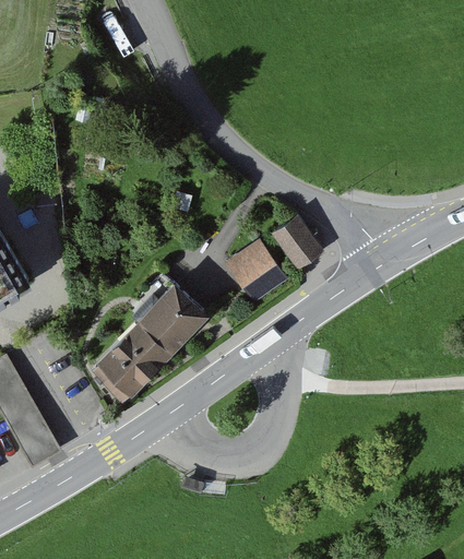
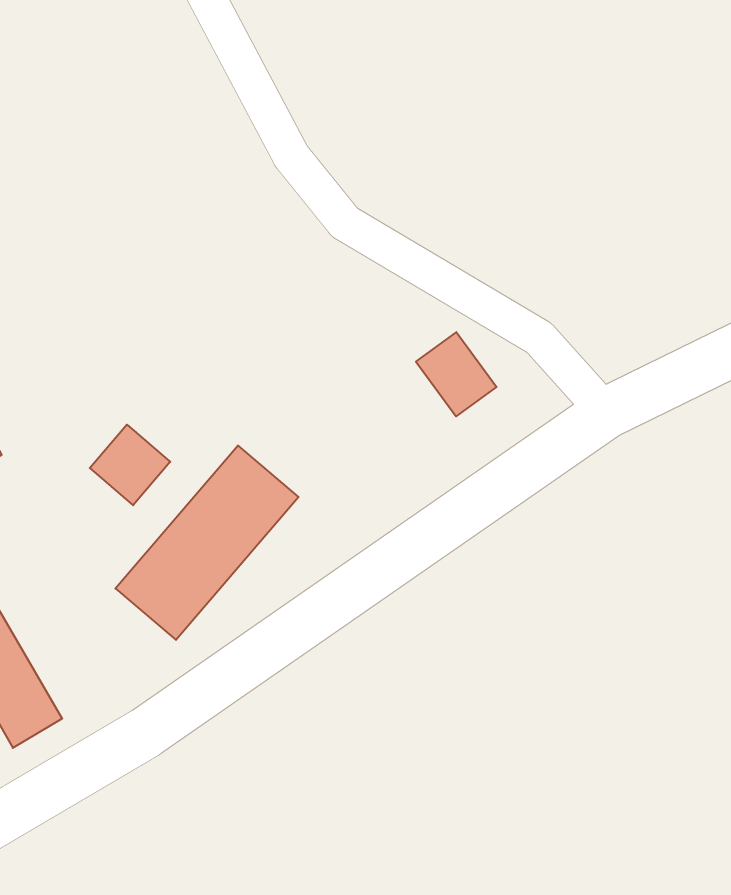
building: [228,240,274,285] -> none
building: none -> [90,425,170,505]

